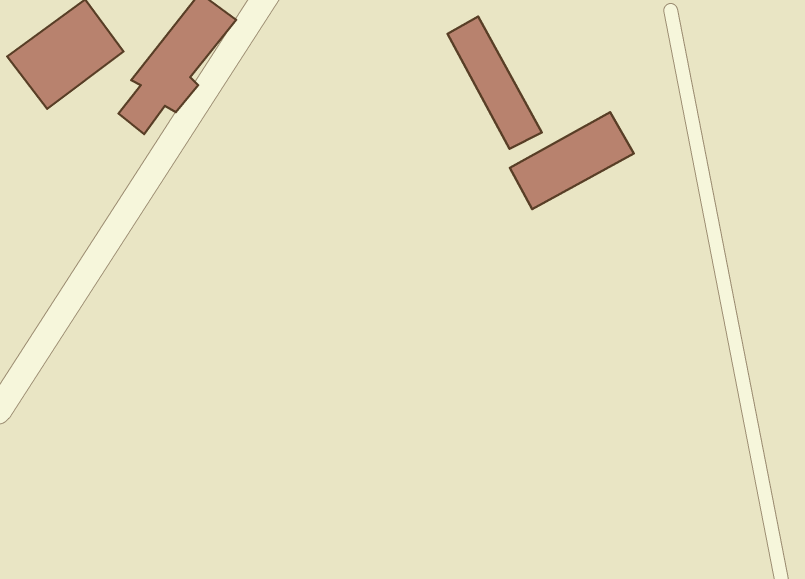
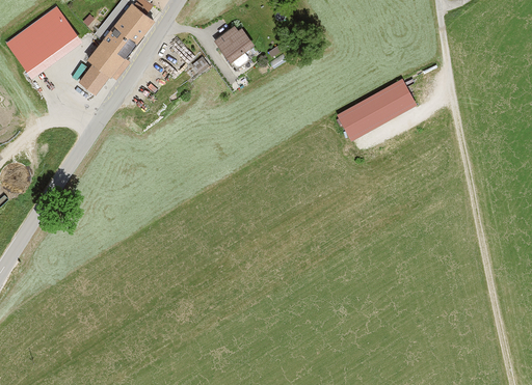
building: [447,17,542,149] -> none
building: none -> [213,27,252,62]

